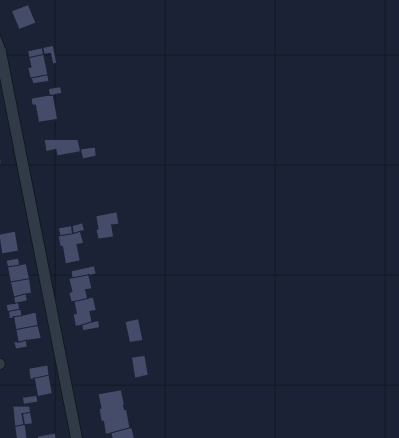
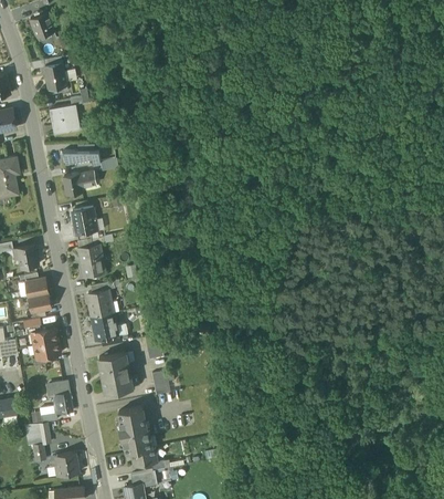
building: none -> [63,171,95,196]
building: [96,212,119,239] -> [72,207,96,235]
building: none -> [99,352,133,393]

